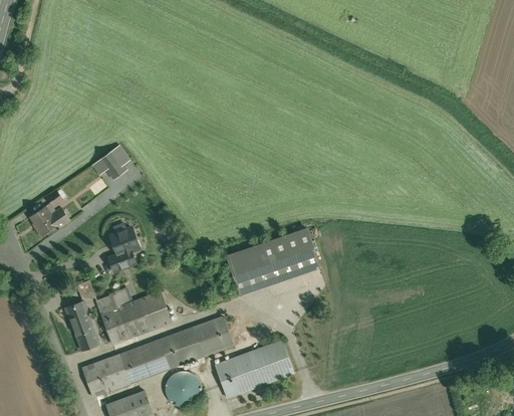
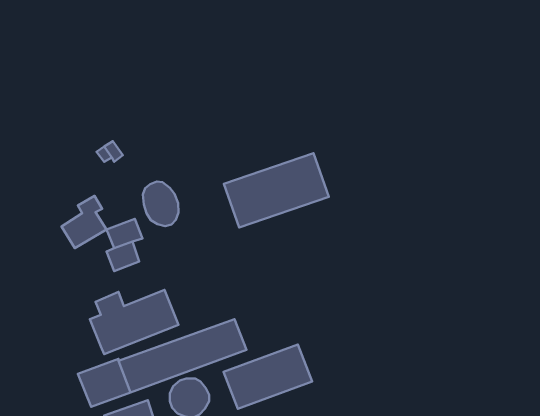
building: [28,188,69,236] -> [62,196,106,248]
building: none -> [143,182,178,226]
building: [224,227,320,295] -> [224,153,329,228]
building: [61,299,102,351] -> none

